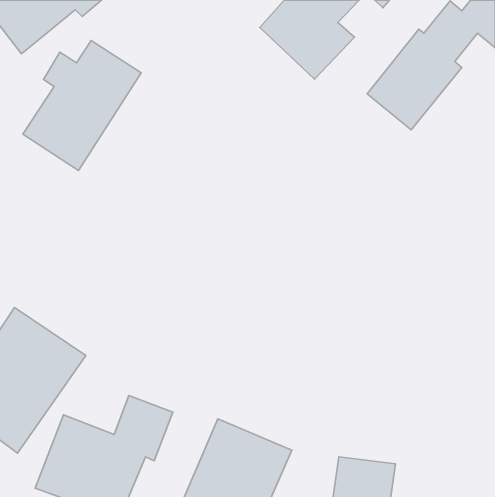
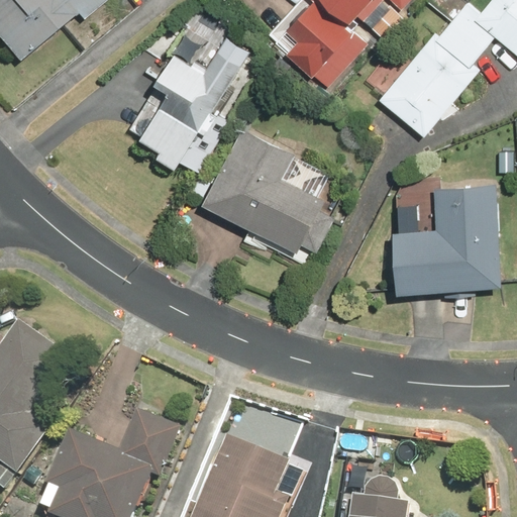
building: [23,41,141,170] -> [135,41,257,176]
building: none -> [201,129,324,253]
building: none -> [391,183,500,293]

